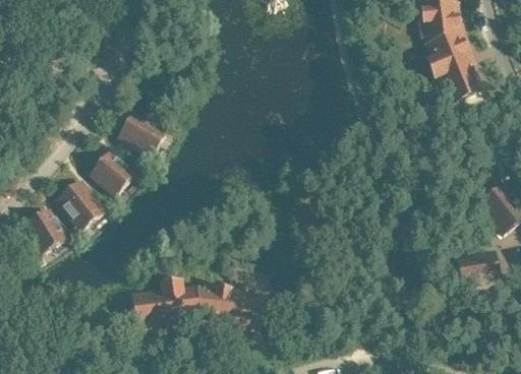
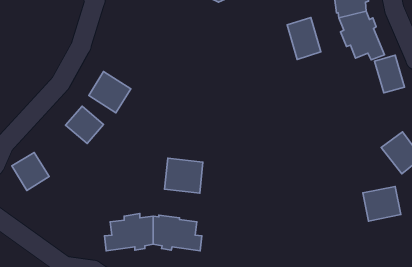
building: none -> [287,17,321,59]
building: none -> [374,55,405,93]
building: [55,178,107,230] -> none
building: none -> [165,158,203,193]

